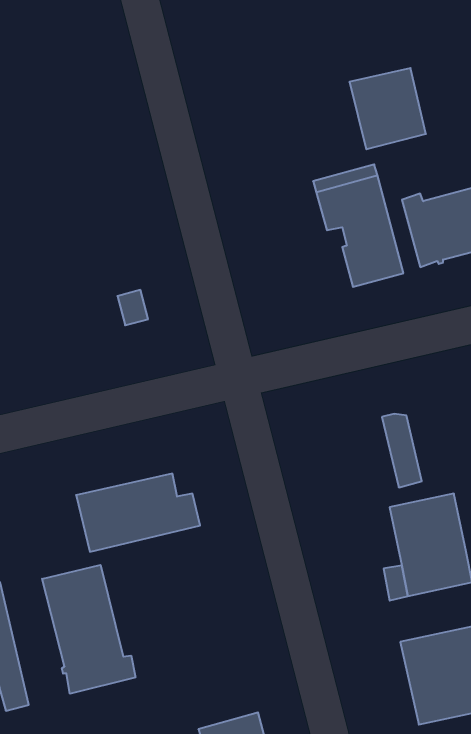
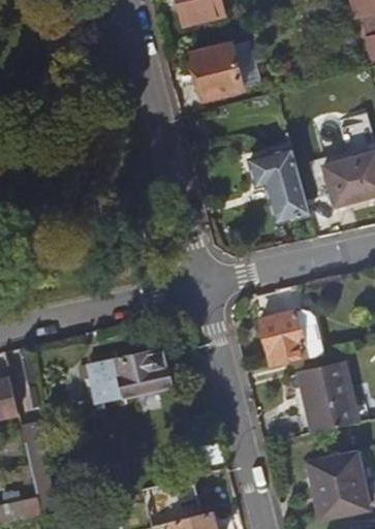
building: [349,68,426,149] -> [190,44,242,99]
building: none -> [259,311,306,367]
building: [42,565,135,694] -> none

